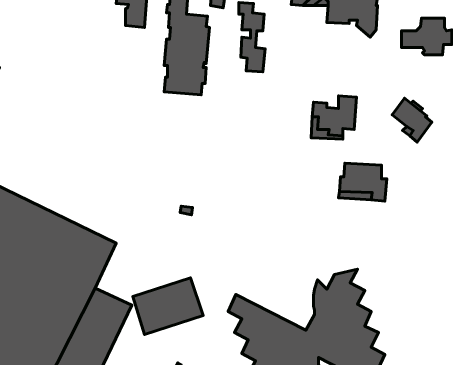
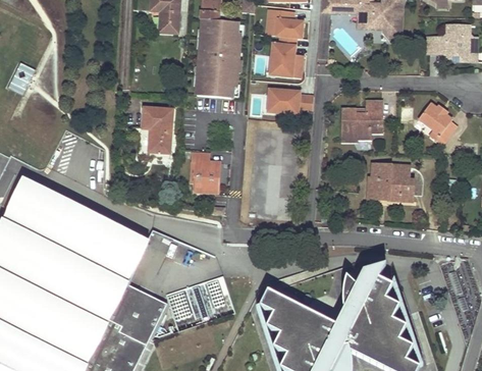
building: none -> [269,88,315,112]
building: none -> [139,107,173,155]
building: none -> [193,152,219,193]

